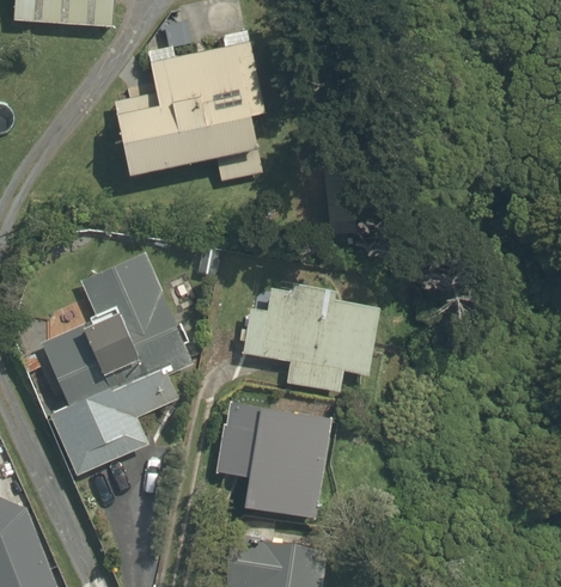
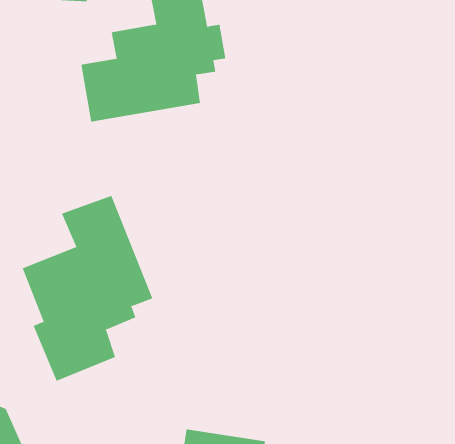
building: [244,286,373,393] -> none
building: [224,399,335,519] -> none

